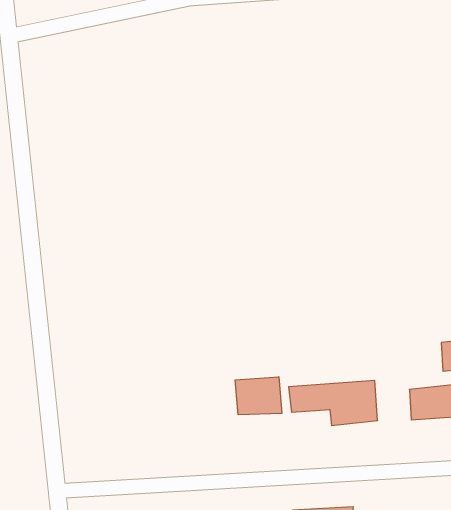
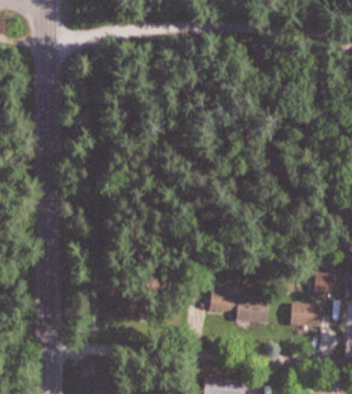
building: [235,377,282,415] -> none

